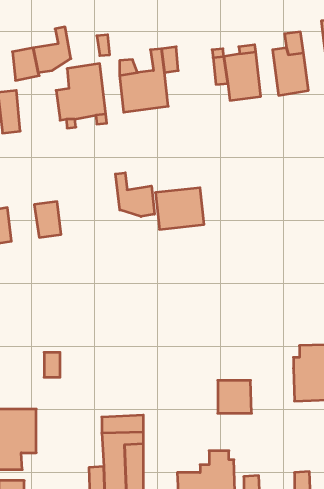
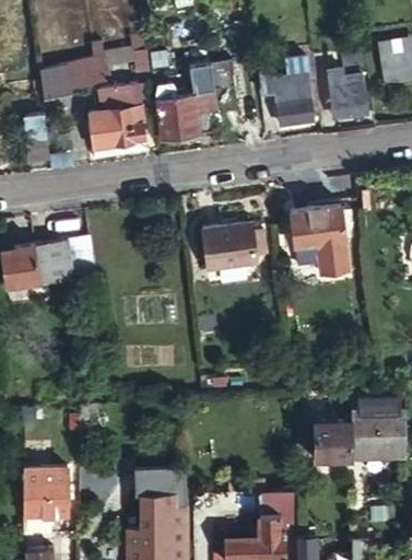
building: none -> [289,206,346,273]
building: [115,173,154,217] -> none
building: none -> [36,241,71,281]
building: [218,380,252,413] -> [315,421,352,457]

